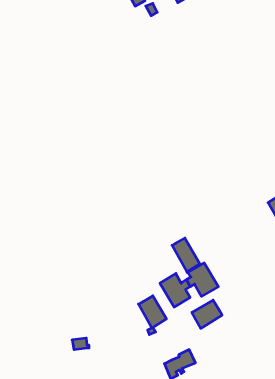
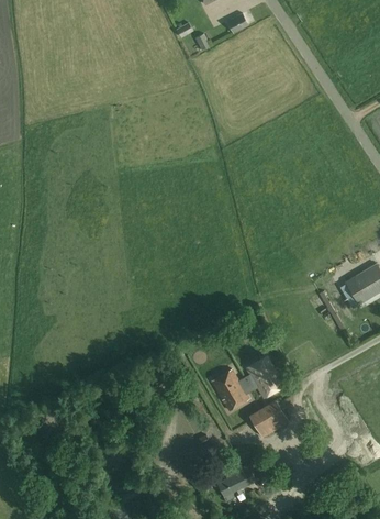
building: [172,238,200,272] -> none
building: [138,296,166,328] -> none

